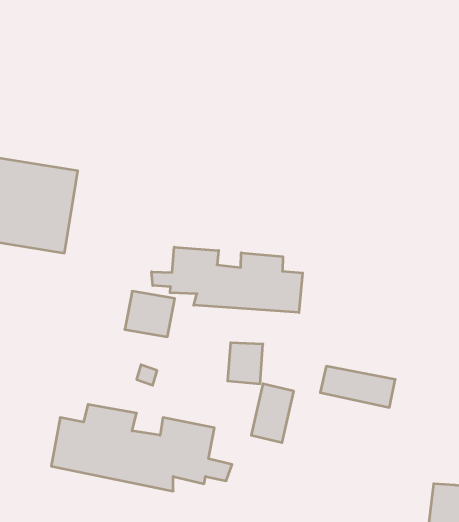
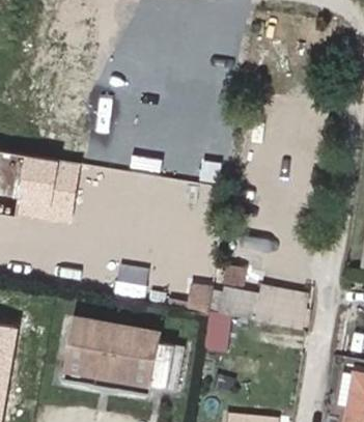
building: [152,247,303,313] -> none

